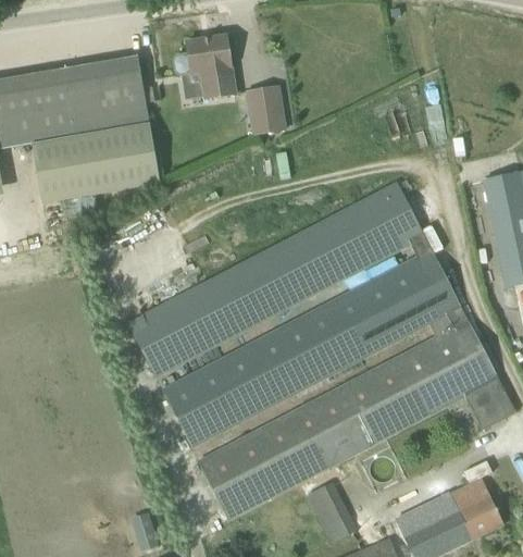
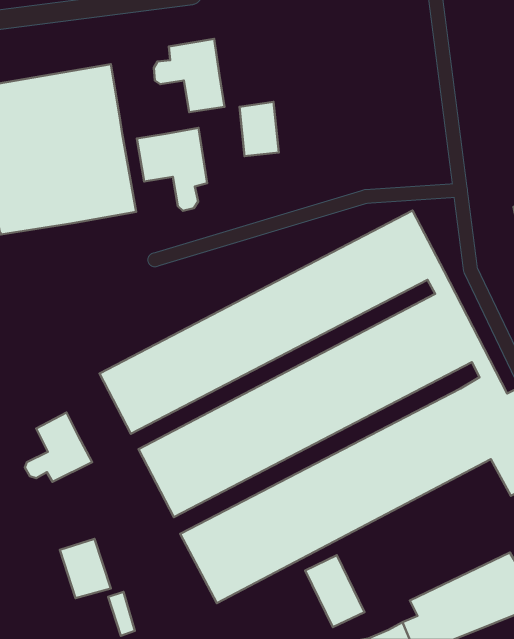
building: none -> [137,128,207,211]
building: none -> [25,413,92,482]
building: none -> [60,539,111,598]

